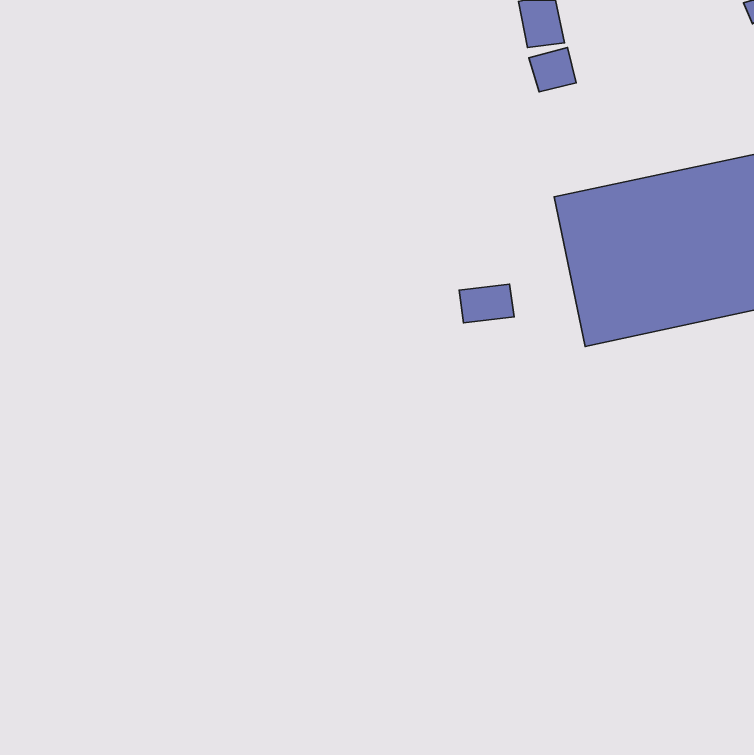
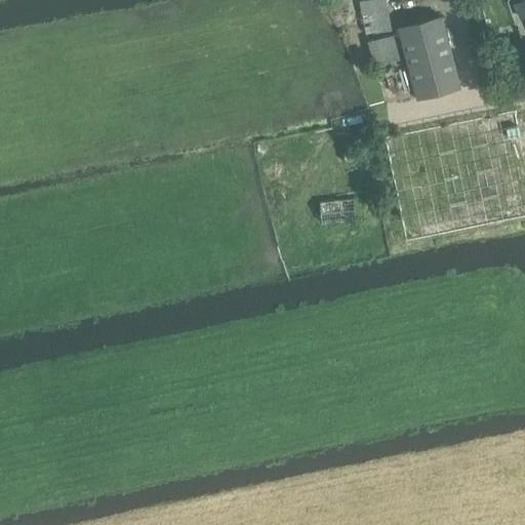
building: none -> [399,15,462,98]

